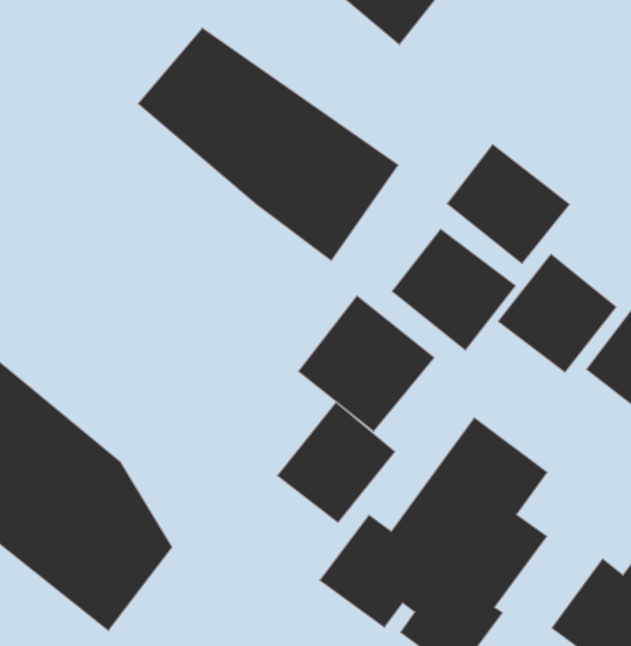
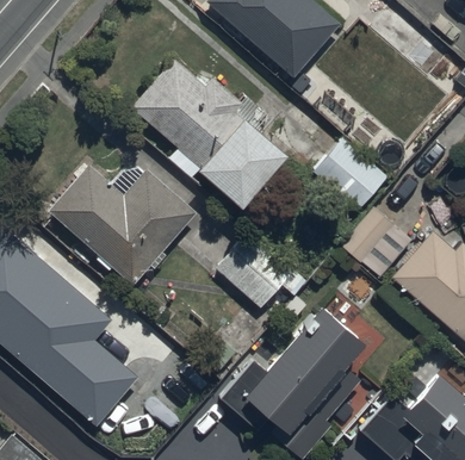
building: none -> [48,162,196,285]
building: [392,229,515,350] -> none
building: [277,402,395,522] -> none

